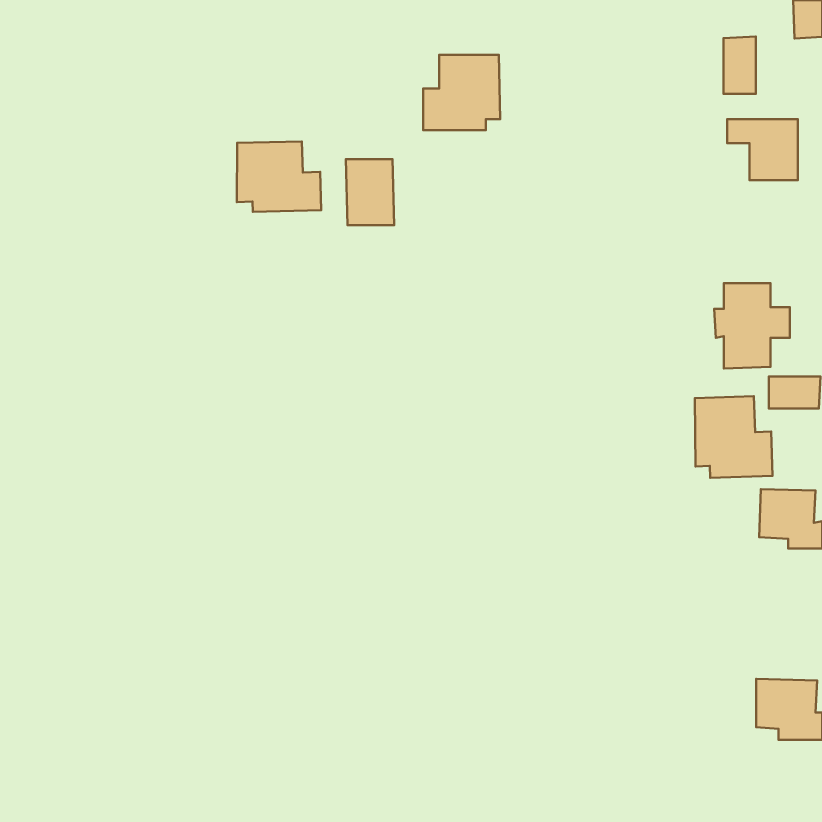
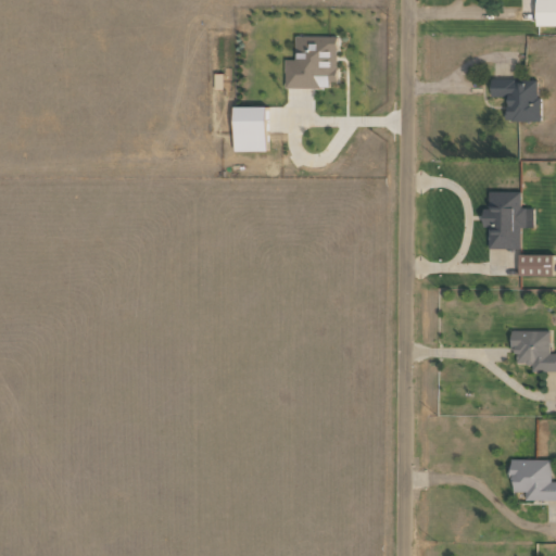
building: [723,36,756,94] -> none
building: [237,141,321,212] -> none
building: [695,396,773,478] -> none

